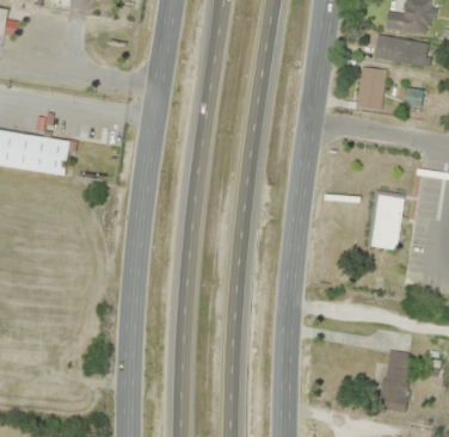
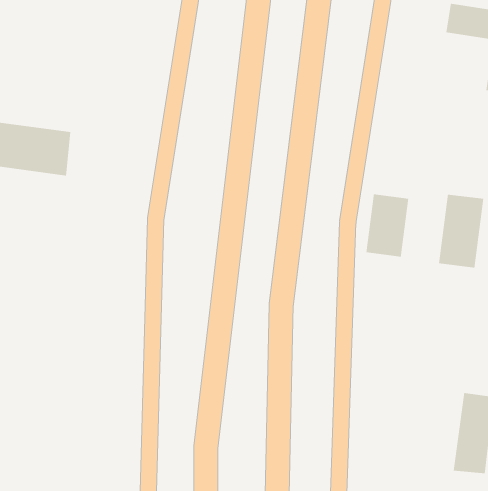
building: [355,68,386,111] -> none
building: none -> [366,194,409,258]

